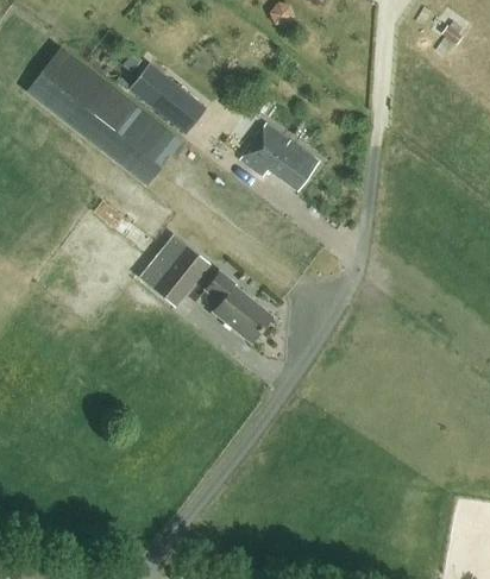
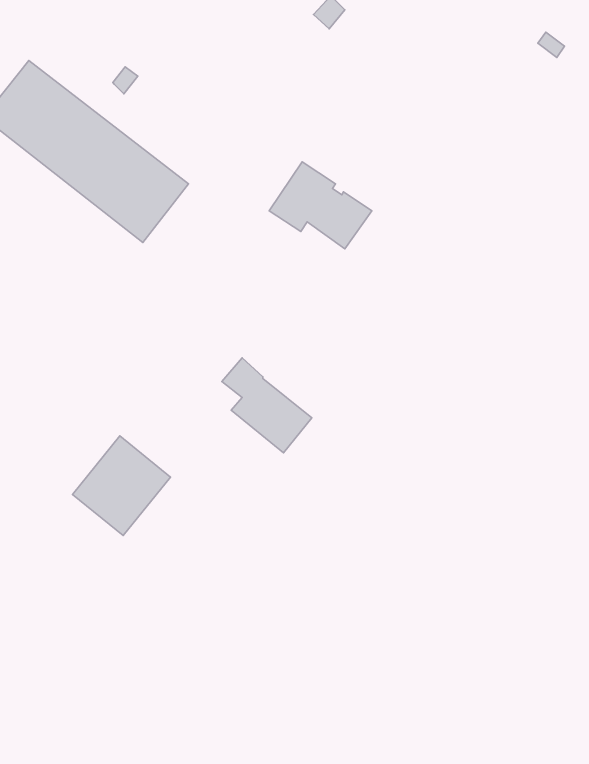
building: [130,63,207,134] -> none
building: [138,233,212,308] -> [73,436,171,536]

